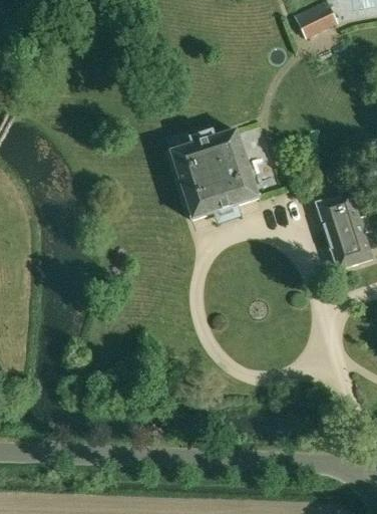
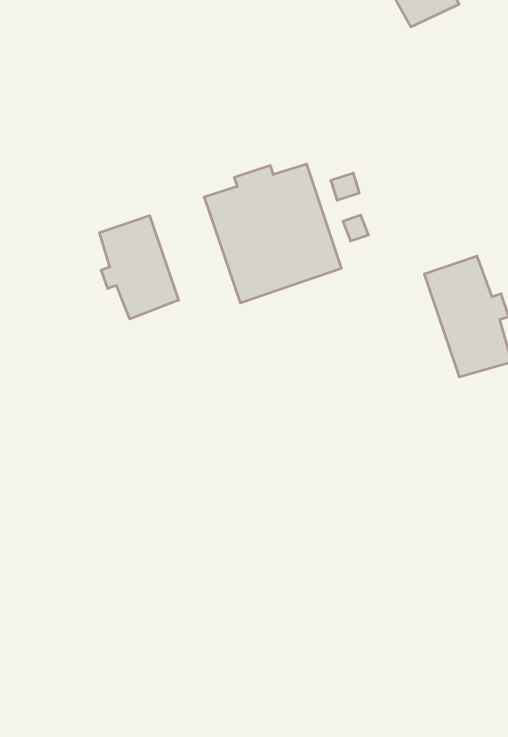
building: none -> [99,216,179,319]

